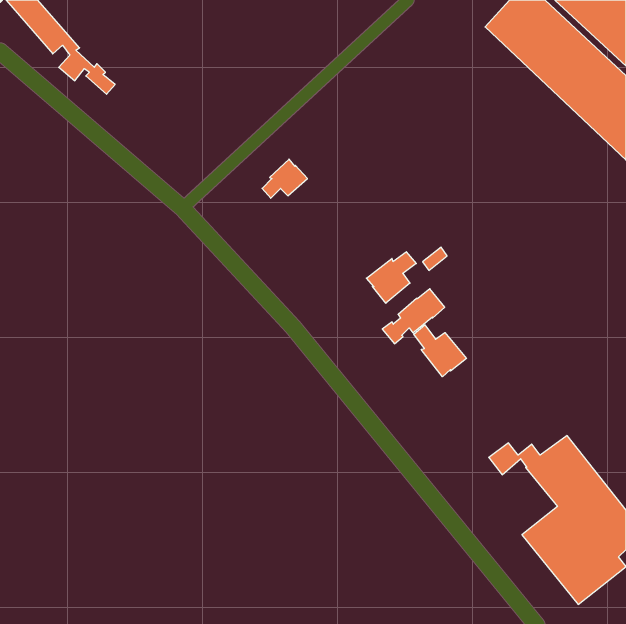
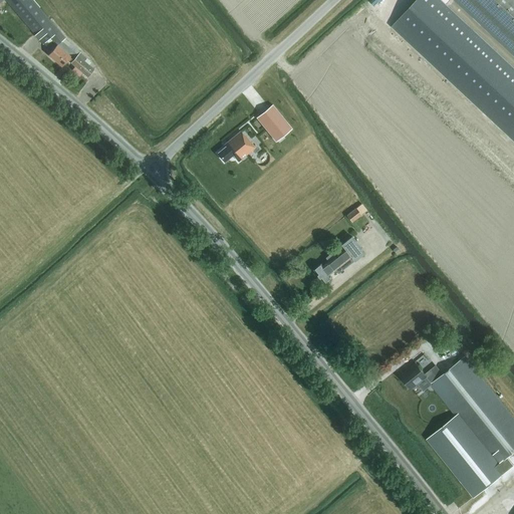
building: none -> [257,106,291,143]
building: [366,252,416,303] -> none
building: [414,325,466,377] -> none

